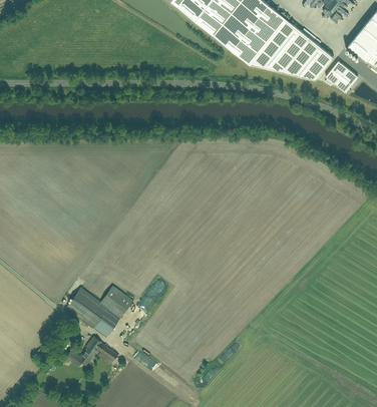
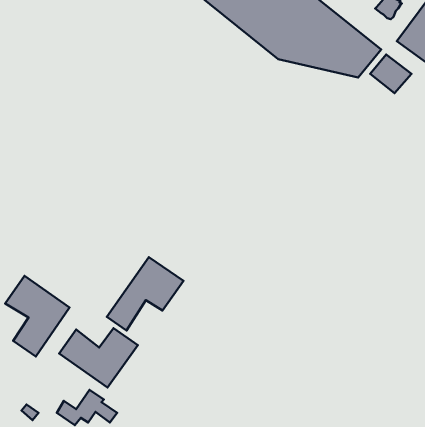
building: none -> [107,257,183,331]
building: none -> [5,276,70,356]

